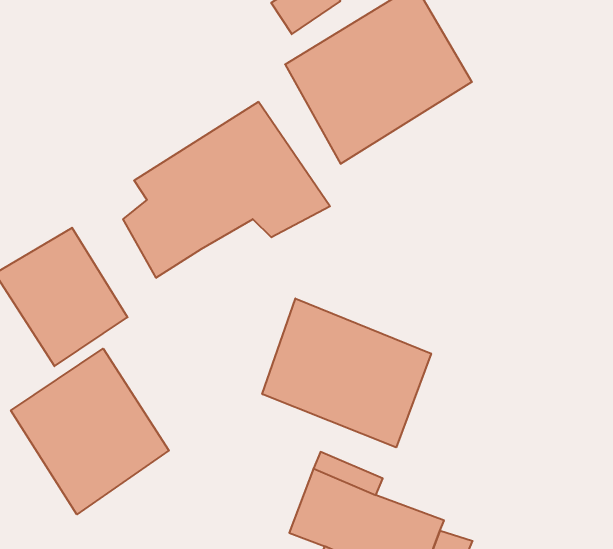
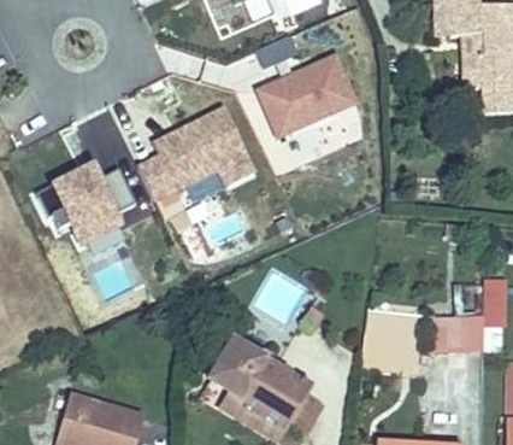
building: [262,298,431,447] -> none
building: [11,349,169,514] -> none

